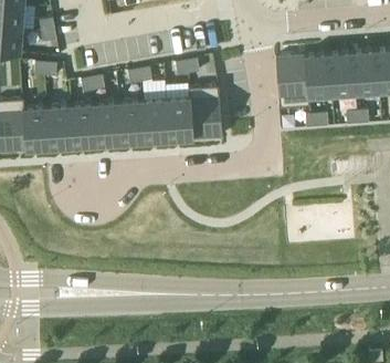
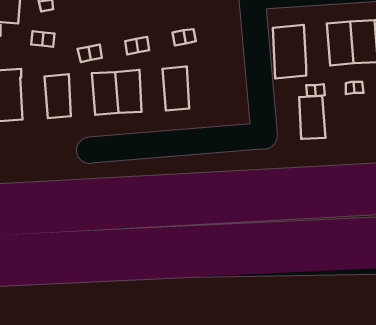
building: [307,55,334,98] -> [299,96,326,139]
building: [189,87,222,141] -> none
building: [143,101,169,144] -> none
building: [72,105,98,148] -> none
building: [23,108,51,152] -> none

